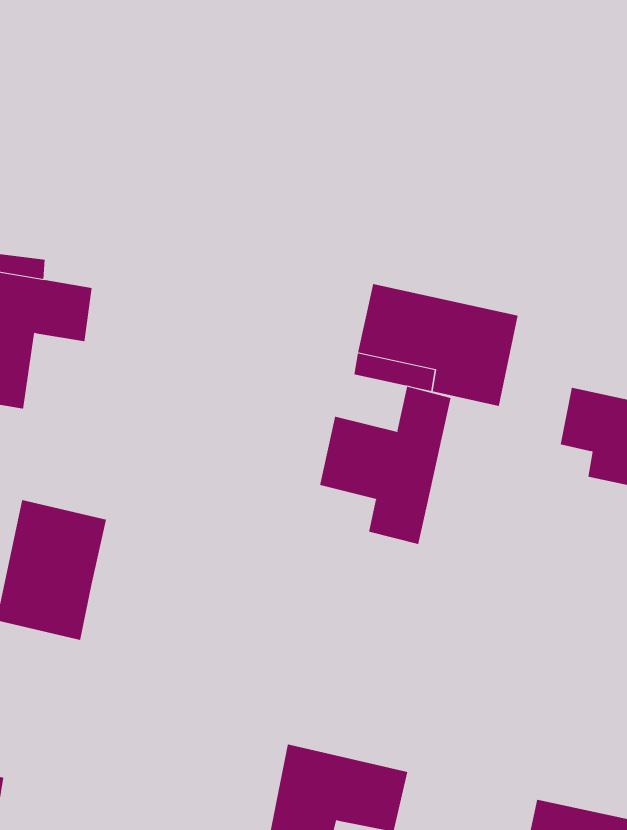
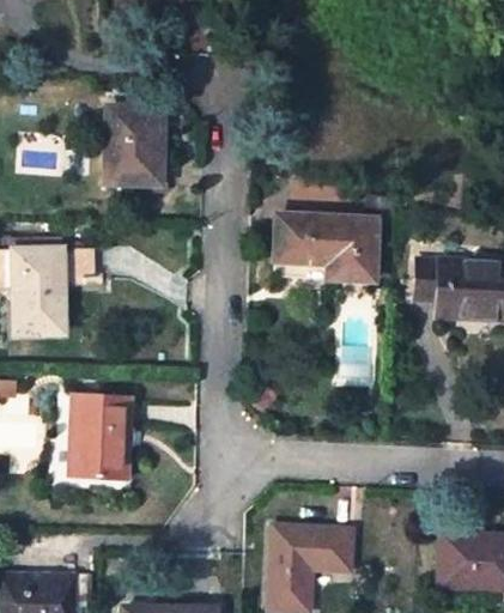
building: none -> [103,105,163,187]
building: [319,386,451,545] -> none

